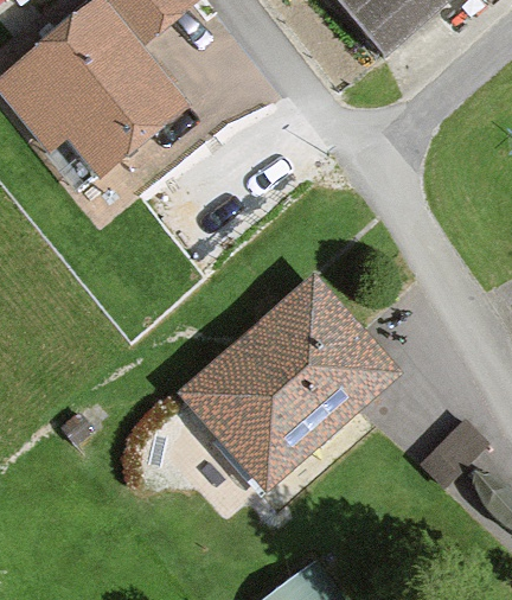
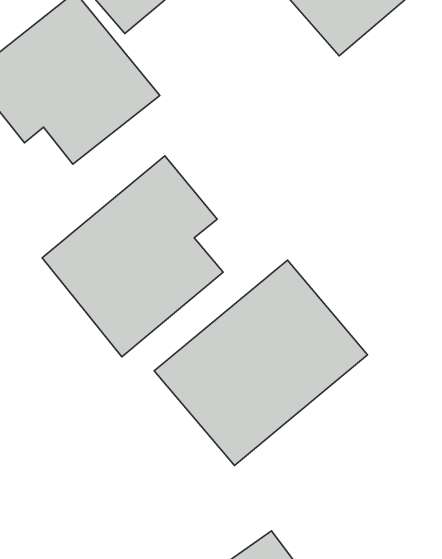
building: none -> [42,156,223,357]

